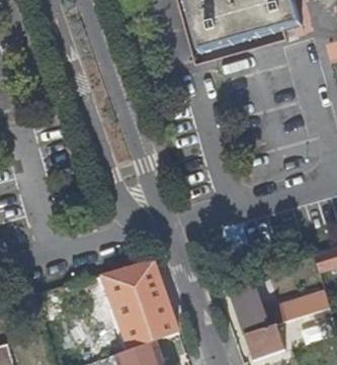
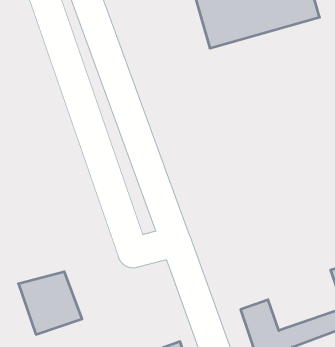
building: [107,263,166,321] -> [18,272,82,334]

